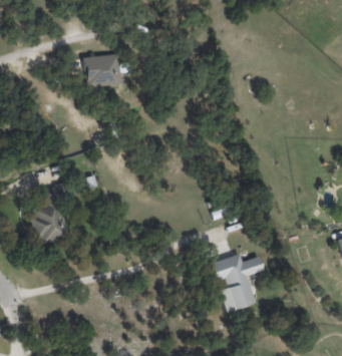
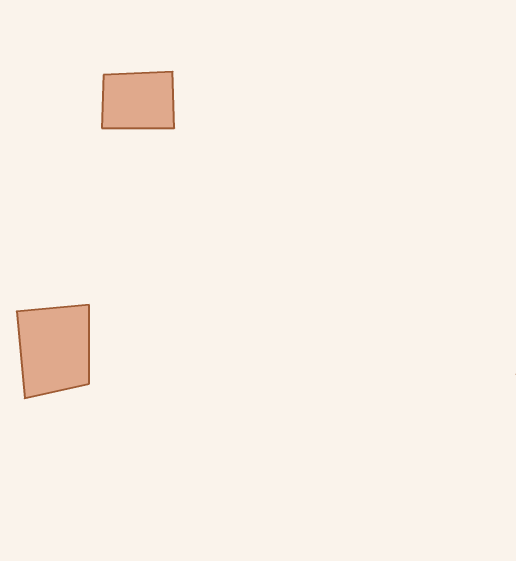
building: [207,257,261,312] -> none

